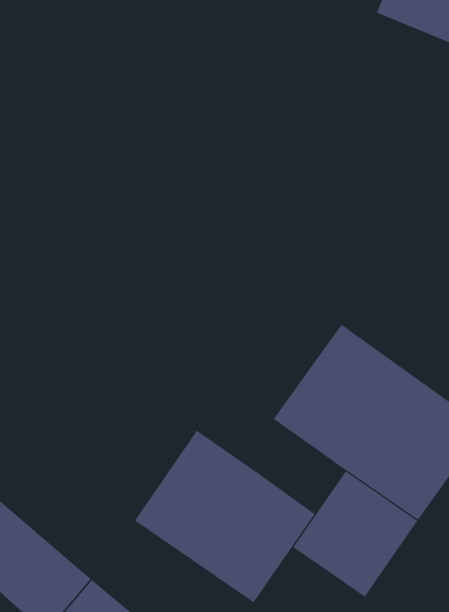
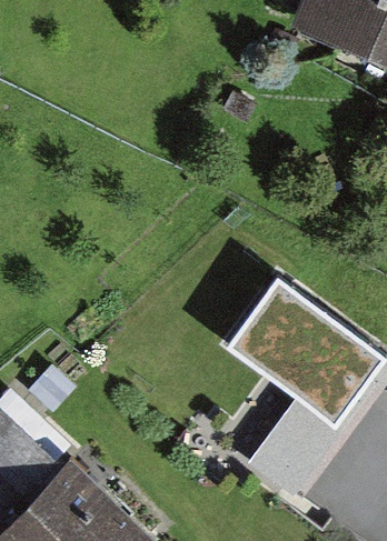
building: [134,430,315,603] -> none

